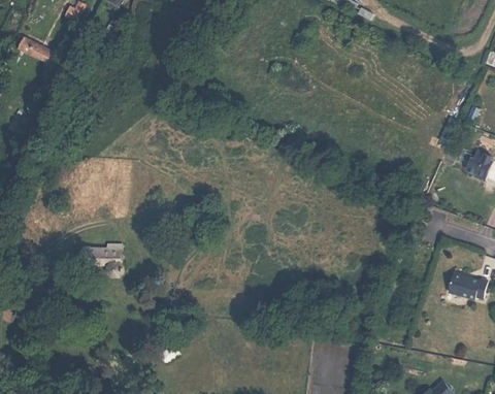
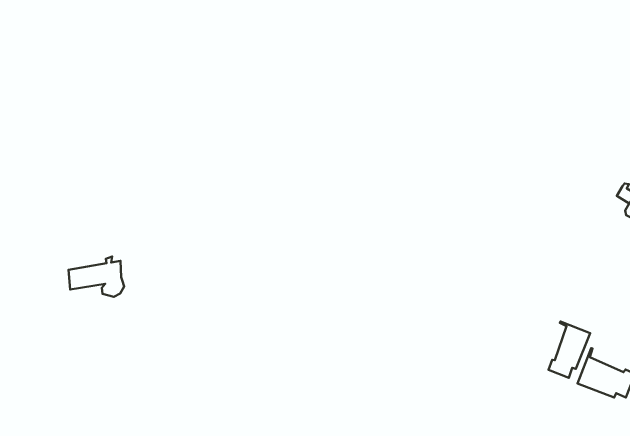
building: none -> [549,321,590,378]

